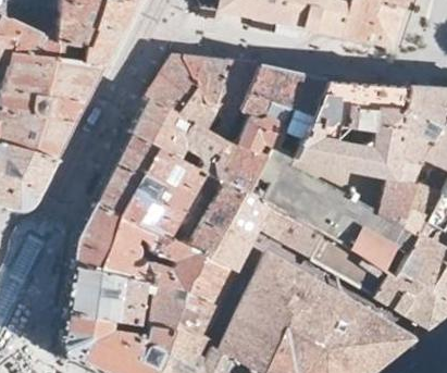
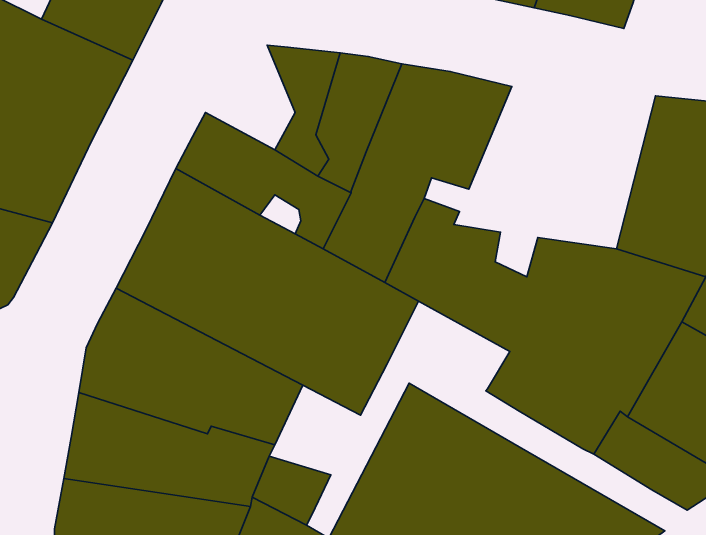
building: [149,54,201,117] -> none
building: [294,80,411,175] -> none
building: [262,206,326,257] -> none
building: [186,254,239,307] -> none

